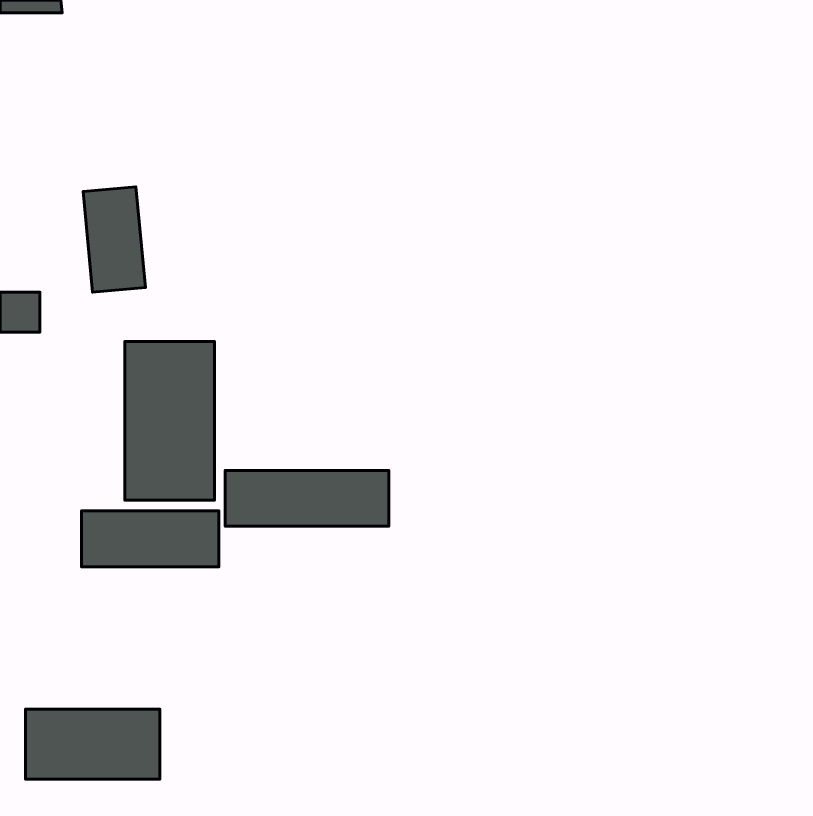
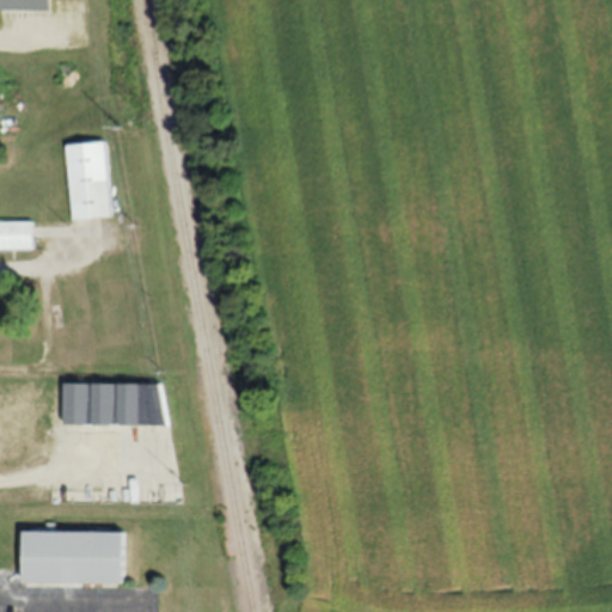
building: [125,342,214,500] -> none
building: [225,471,389,526] -> none

